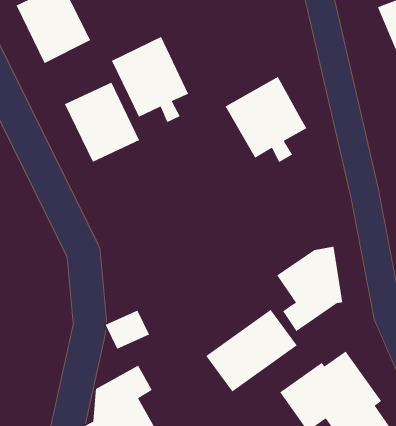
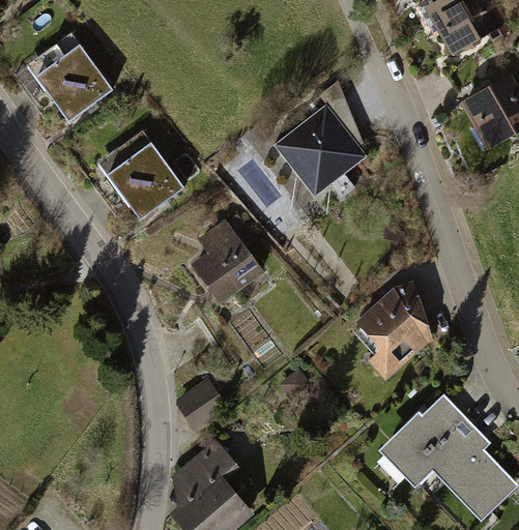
building: [111,36,189,123] -> none
building: none -> [318,79,362,144]
building: none -> [189,217,262,304]
building: [205,309,298,393] -> none

